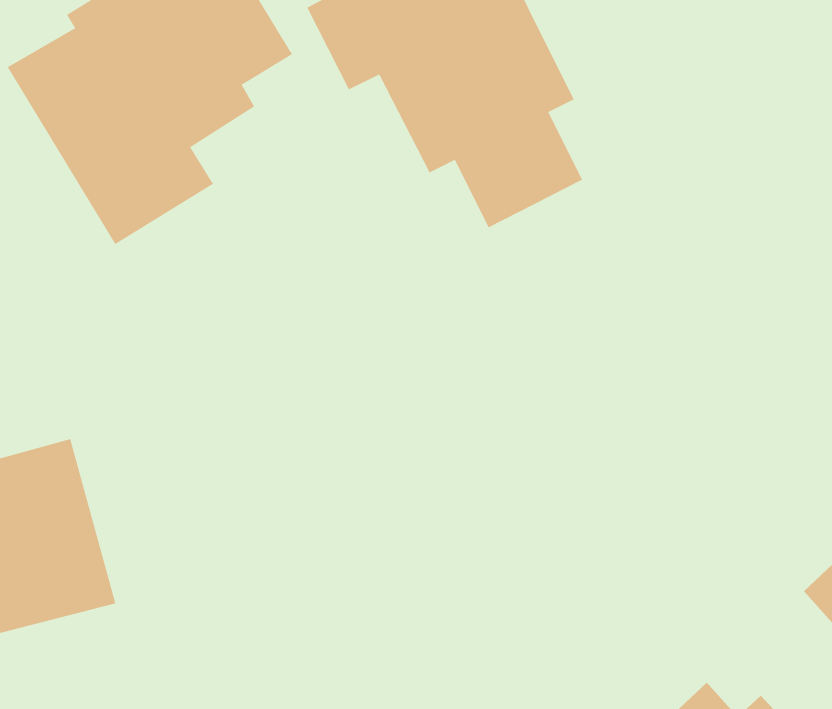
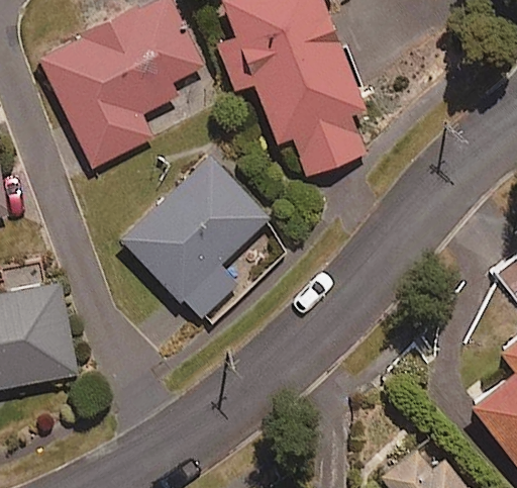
building: none -> [122,156,296,329]

